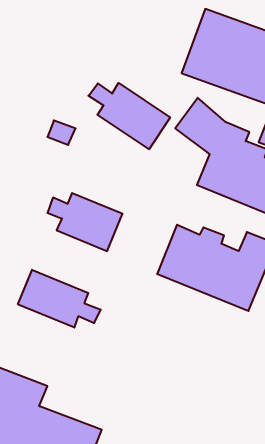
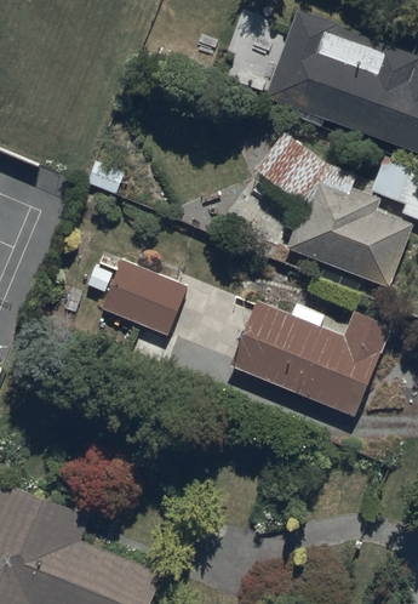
building: [88,83,170,149] -> none
building: [18,270,101,328] -> none

